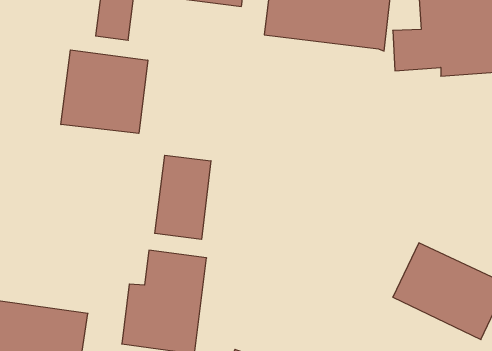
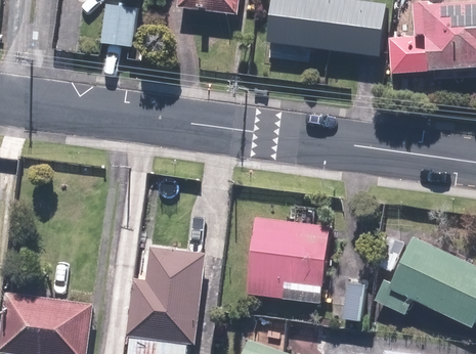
building: [61,50,148,133] -> none
building: [155,155,211,239] -> none
building: none -> [246,215,331,302]

